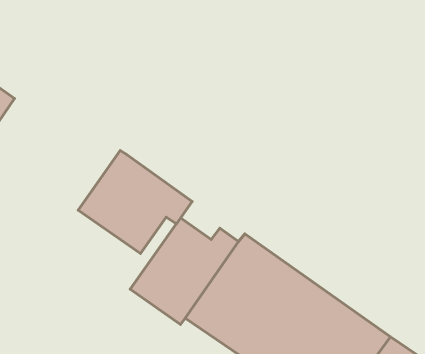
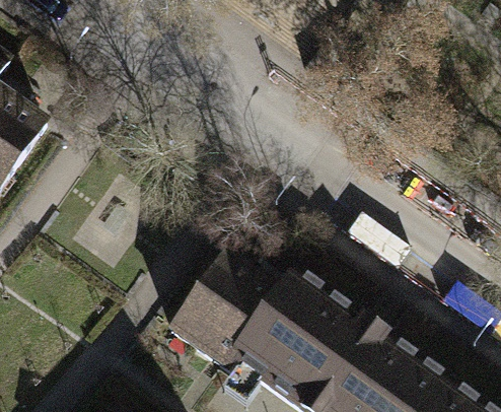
building: [78,150,192,253] -> none

